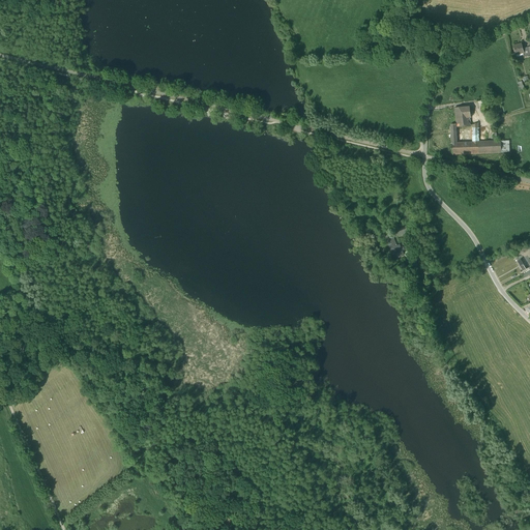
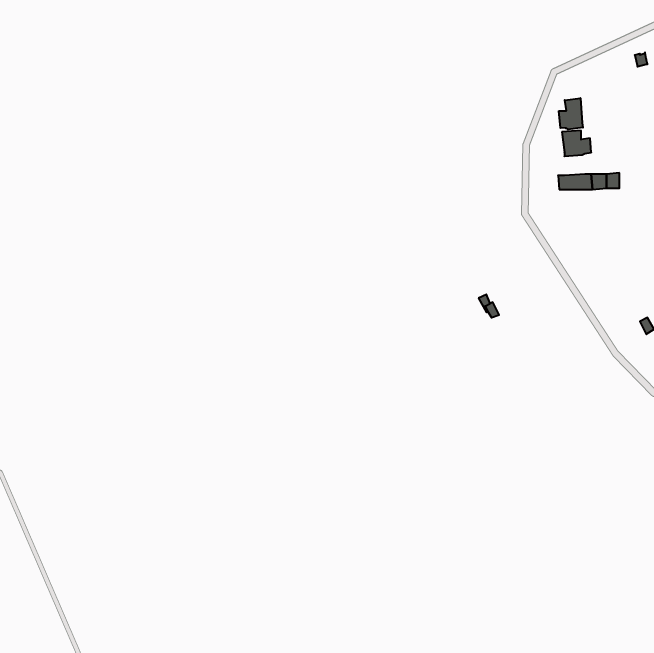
building: none -> [559,98,583,129]

